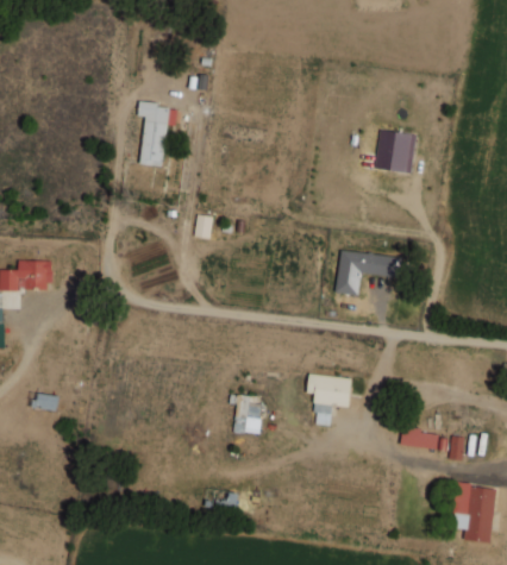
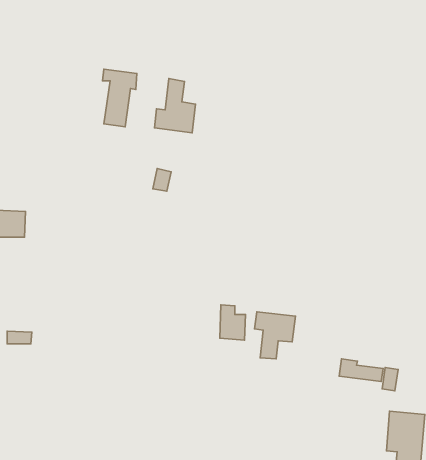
building: none -> [154,79,195,133]
building: [375,130,418,175] -> none
building: [336,249,394,296] -> none
building: [233,395,262,434] -> [220,305,246,340]

